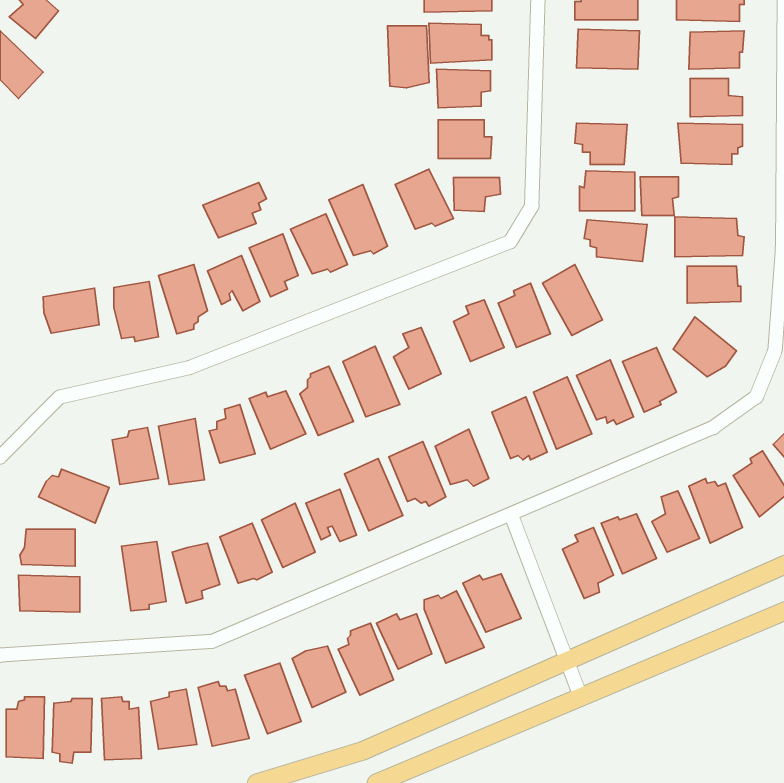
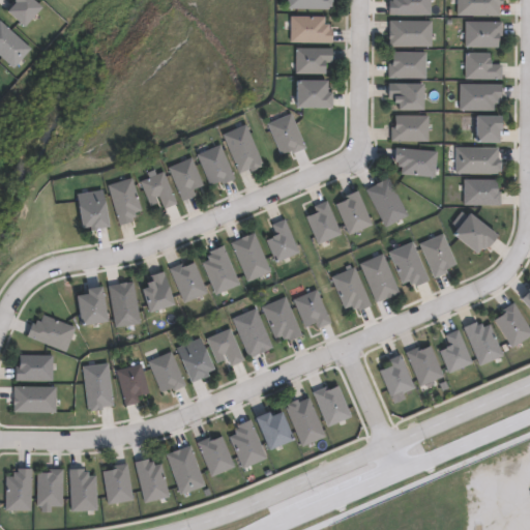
building: [388,26,429,88] -> none
building: none -> [388,52,425,78]
building: [640,177,679,215] -> [476,116,502,142]
building: [454,178,501,211] -> none
building: [203,182,267,238] -> none
building: [43,288,99,333] -> none

